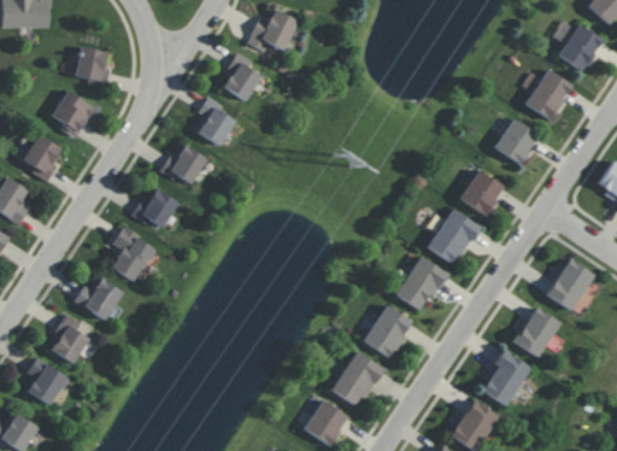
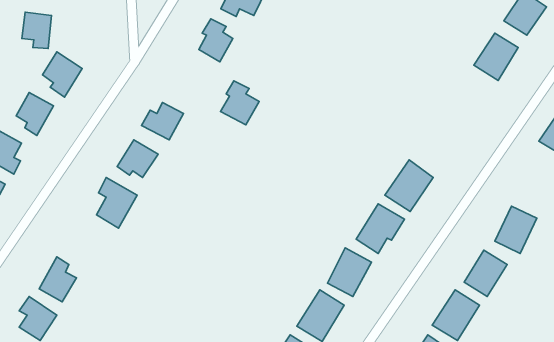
building: [76,48,108,88] -> [22,12,51,49]
building: [193,98,235,146] -> [221,81,259,125]
building: [494,119,539,165] -> none
building: [459,170,504,216] -> none
building: [75,280,122,320] -> none

